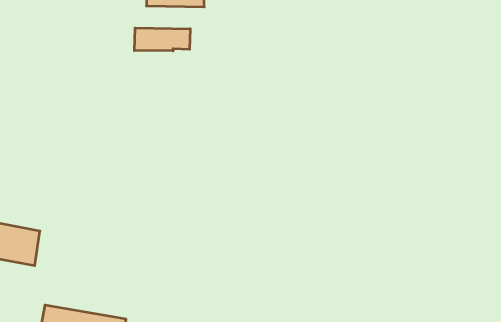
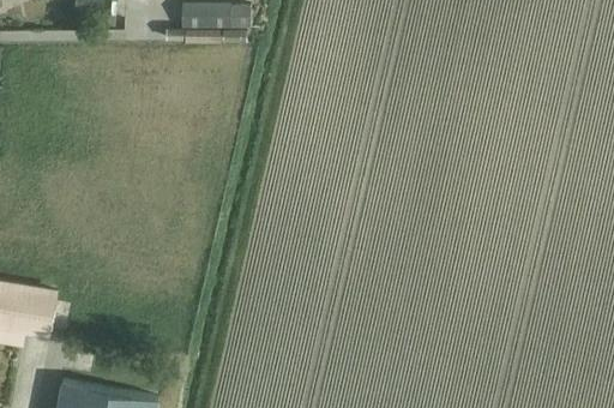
building: [134,28,190,51] -> none

